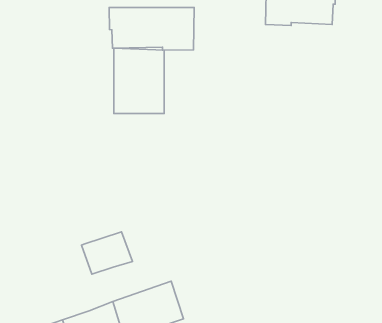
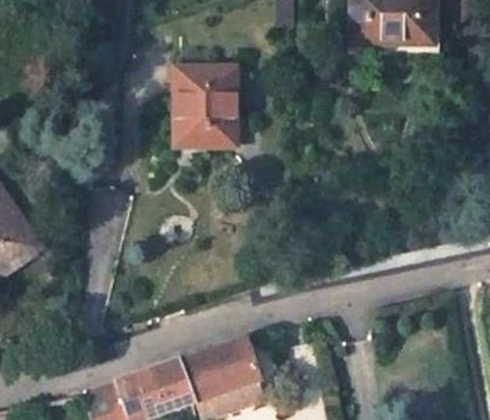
building: [109,8,194,50] -> none
building: [81,232,133,274] -> none

